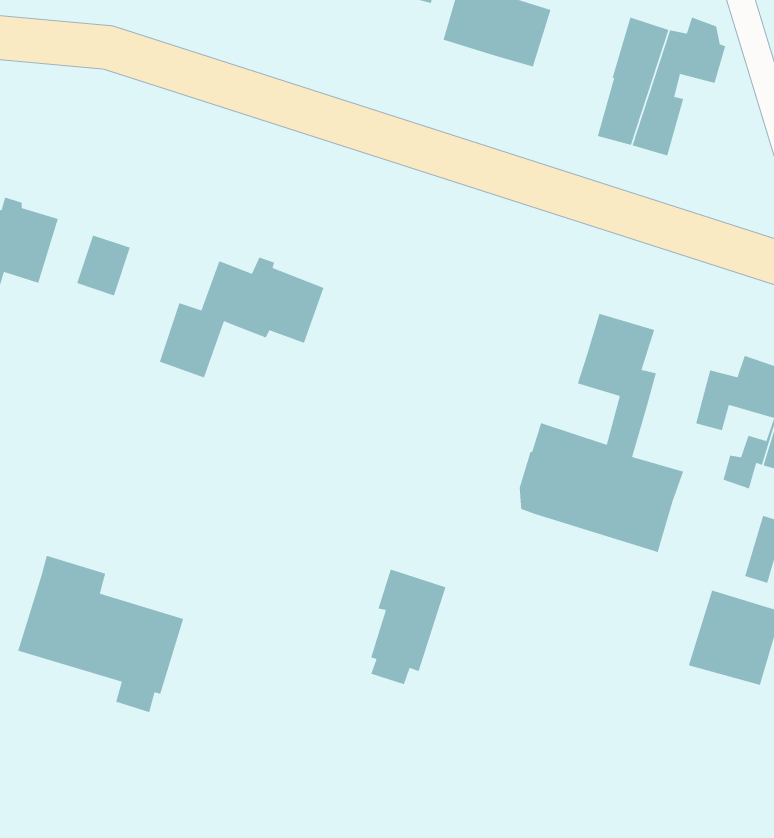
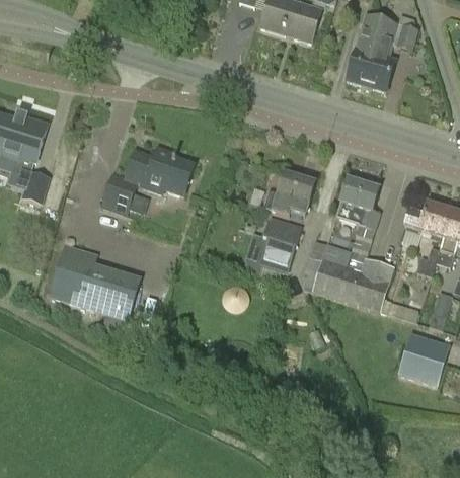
building: [76,235,131,296] -> [20,169,51,204]
building: none -> [263,171,315,216]
building: [17,555,184,713] -> [49,242,142,330]
building: [370,569,446,685] -> [258,215,301,280]

